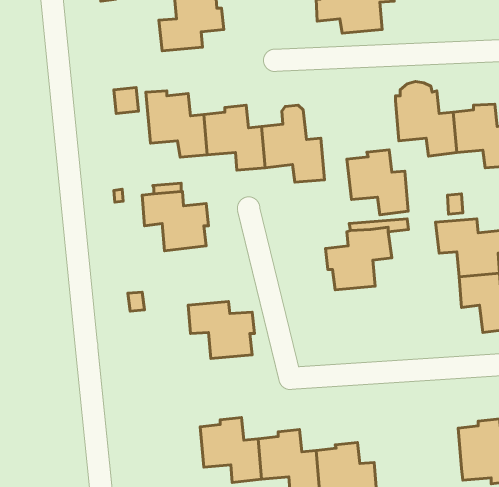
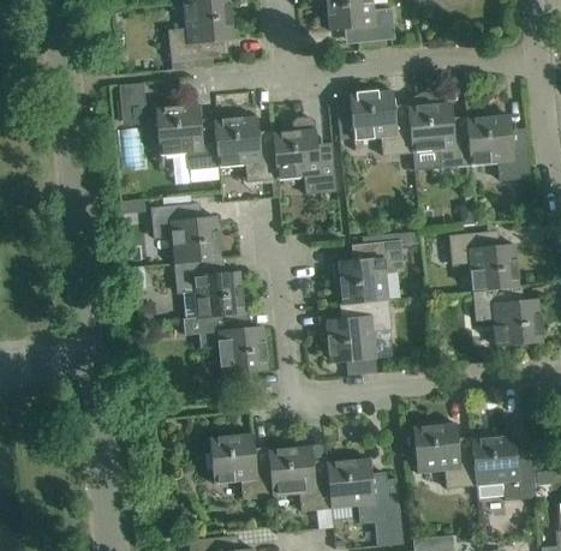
building: [347,150,408,215] -> [350,89,412,155]
building: none -> [174,258,243,318]
building: none -> [326,299,392,361]
building: none -> [413,421,476,486]

